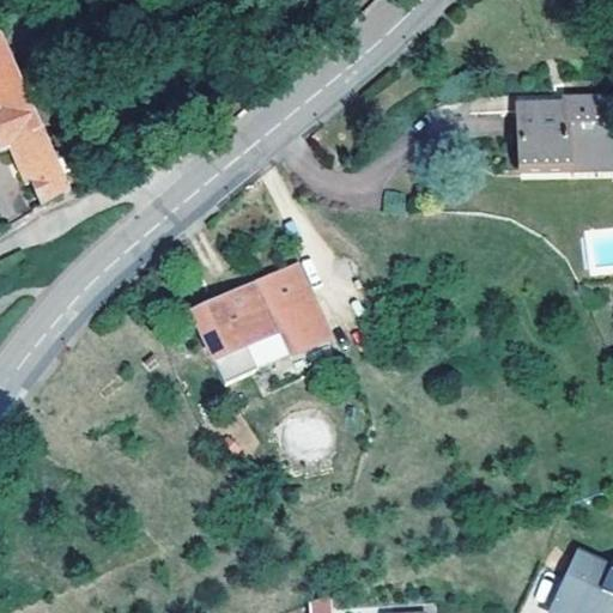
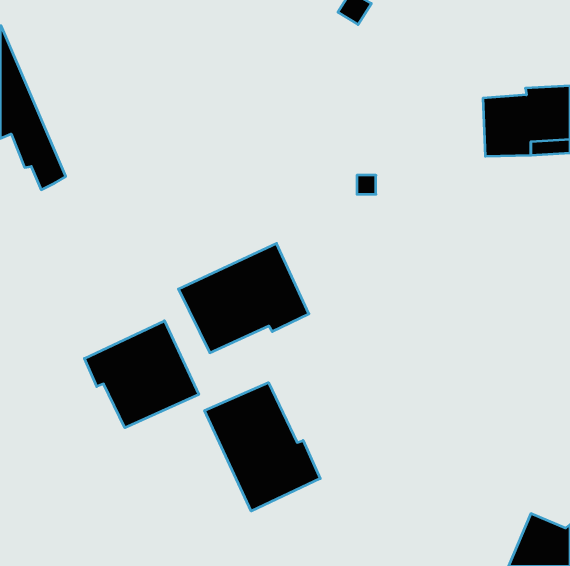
building: none -> [84,321,199,428]
building: none -> [205,383,320,511]

